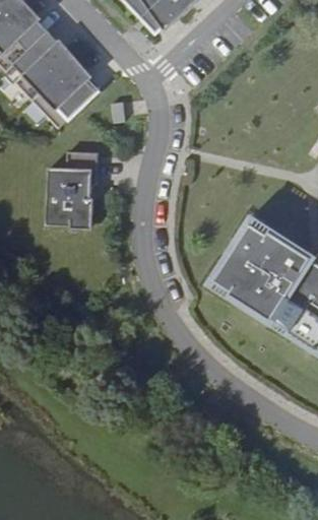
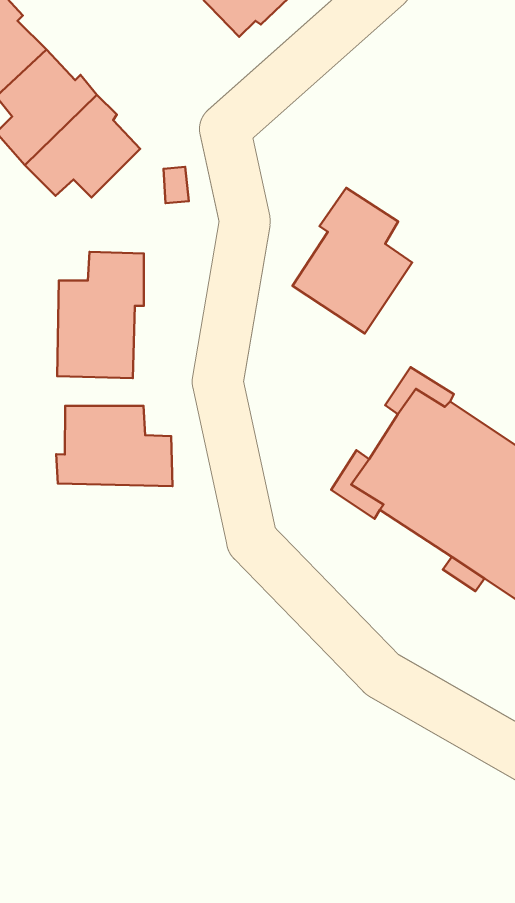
building: none -> [293,188,412,334]
building: none -> [56,406,172,486]

